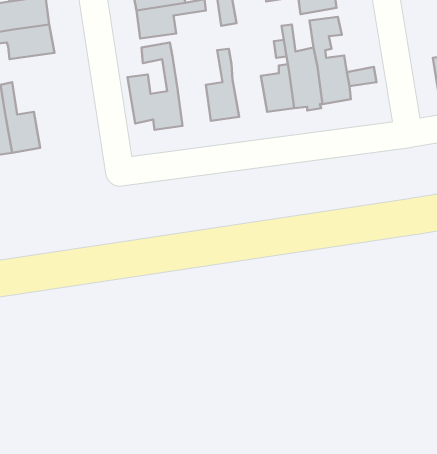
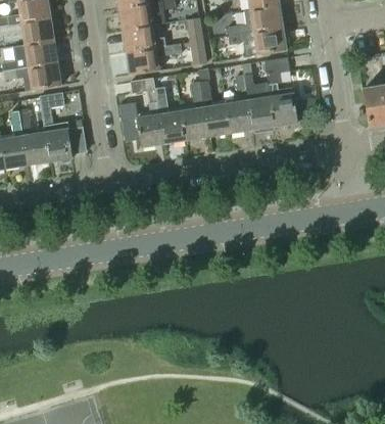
building: none -> [200,80,231,136]
building: none -> [155,87,186,143]
building: none -> [39,92,73,160]

